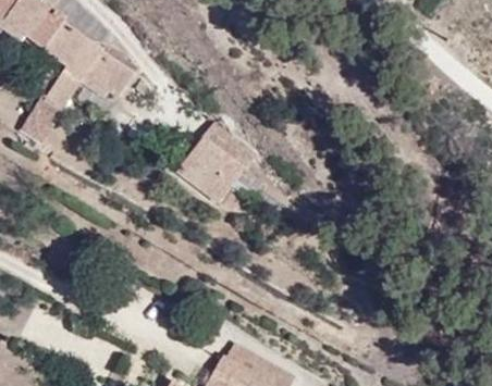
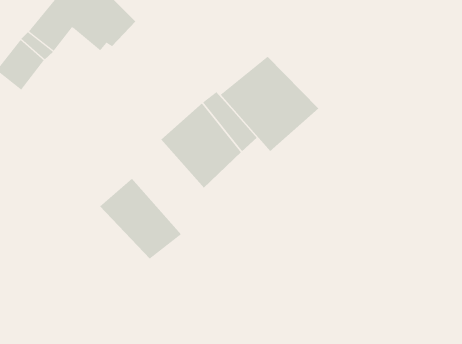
building: none -> [220,56,319,152]
building: none -> [99,178,182,260]

